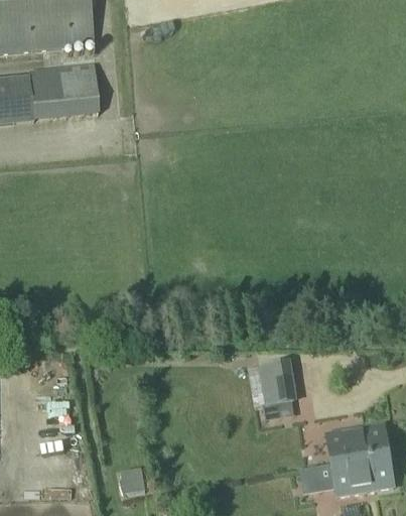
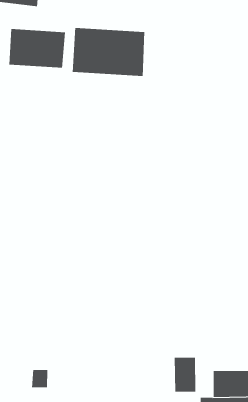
building: none -> [72,27,145,77]
building: [260,362,292,406] -> [174,357,196,392]

